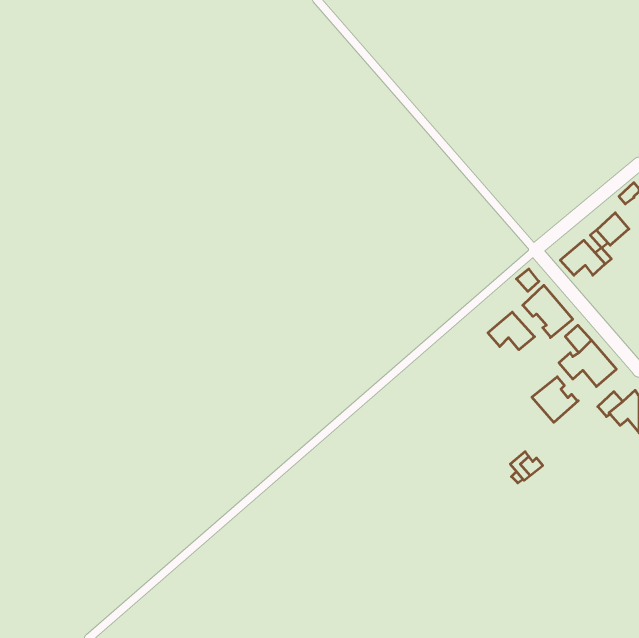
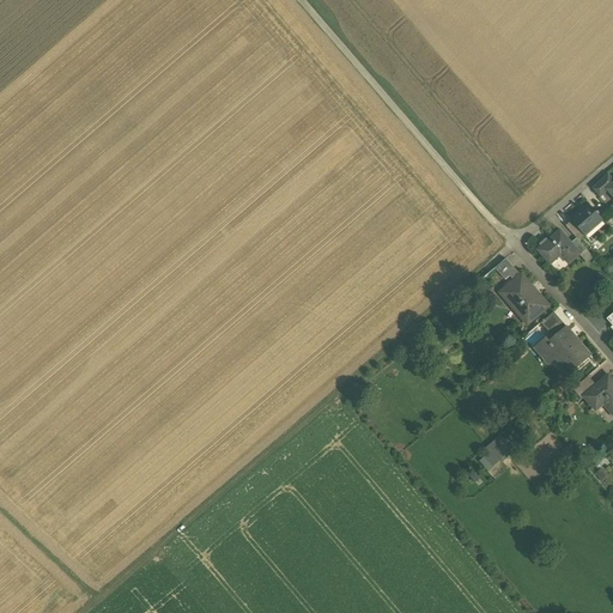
building: [488,312,535,350] -> none
building: [532,377,578,422] -> none

